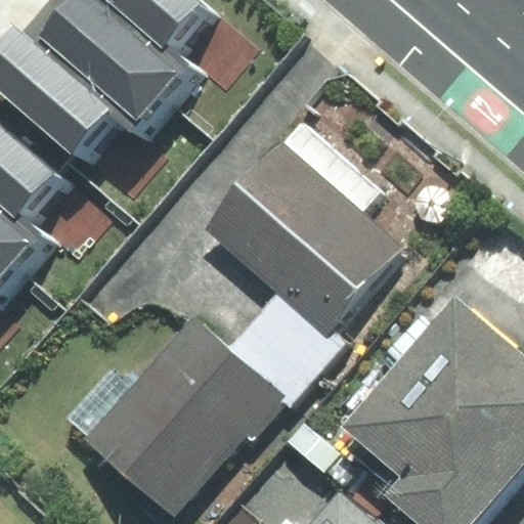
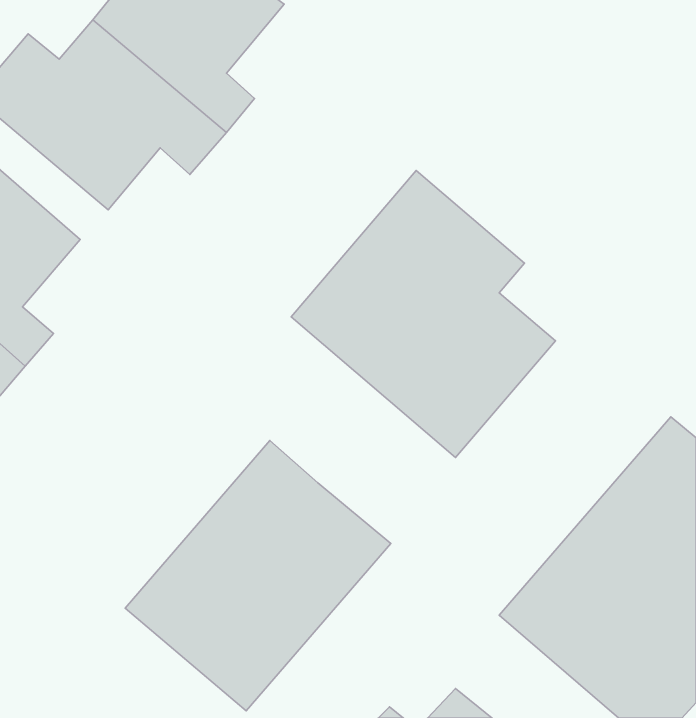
building: [231,291,345,404] -> none

